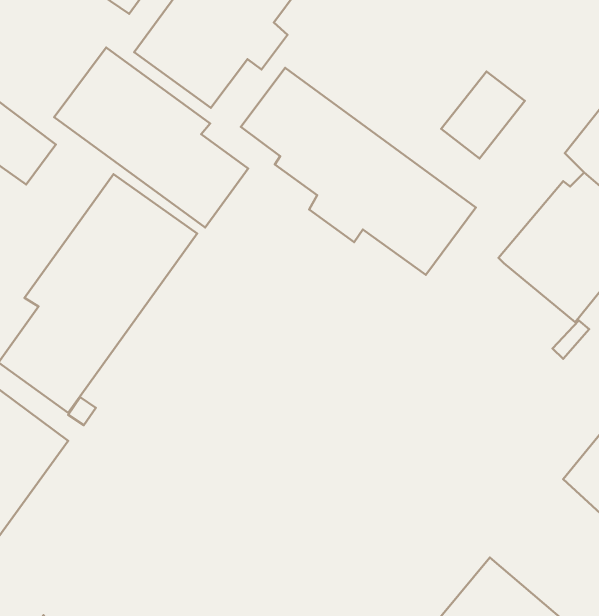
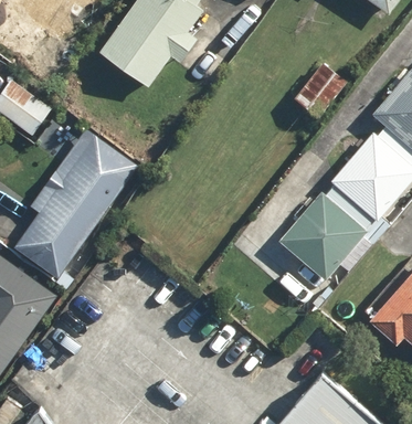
building: [54,47,248,228] -> none
building: [241,68,476,275] -> none
building: none -> [278,186,373,280]

